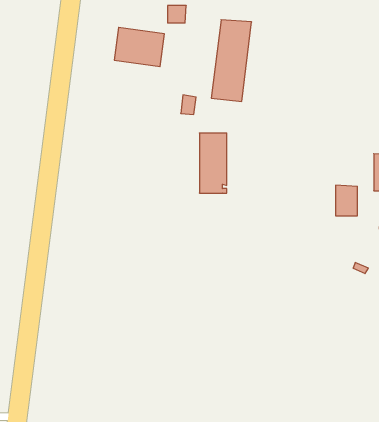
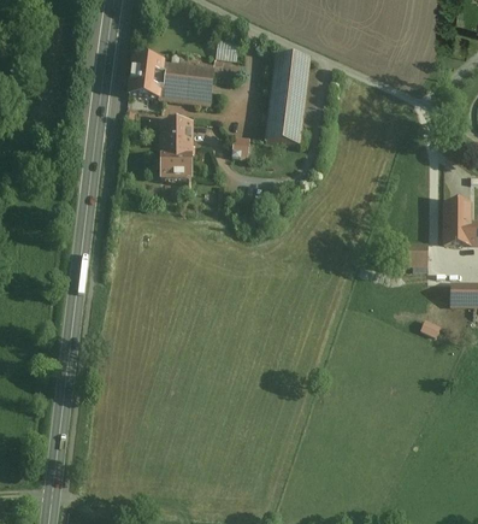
building: none -> [130,58,164,96]
building: [199,133,227,193] -> [161,118,191,184]

